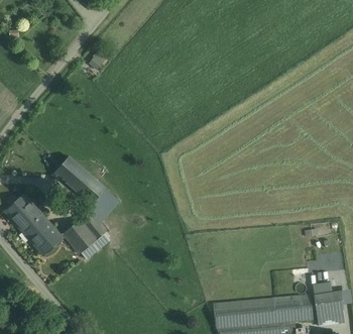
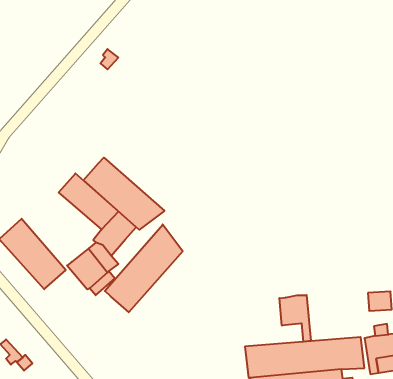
building: none -> [84,158,164,230]
building: none -> [105,224,183,312]
building: none -> [279,295,311,342]

